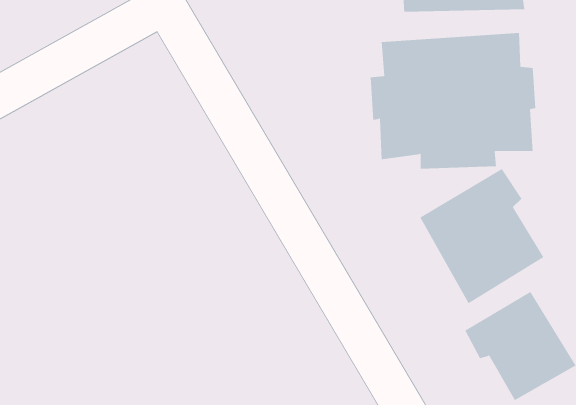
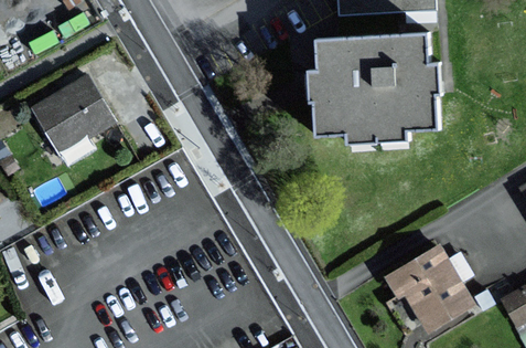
building: none -> [33,75,112,150]
building: [420,168,544,304] -> none

